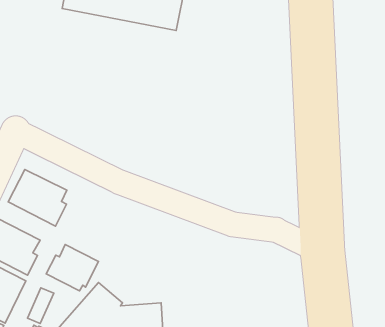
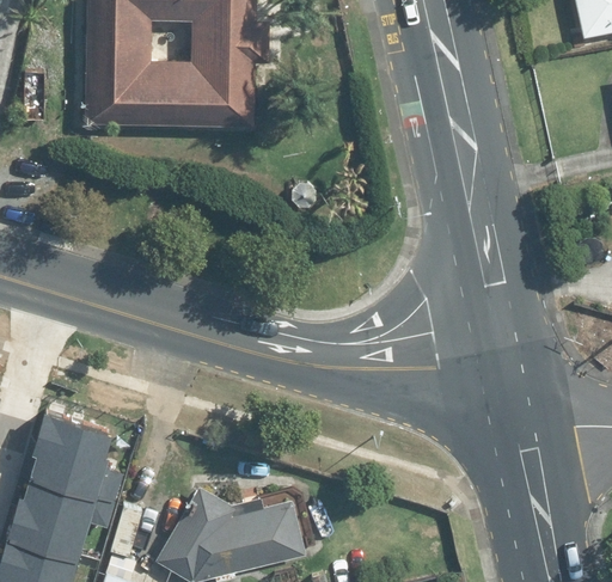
building: [8,169,67,226] -> none
building: [46,245,99,291] -> none

